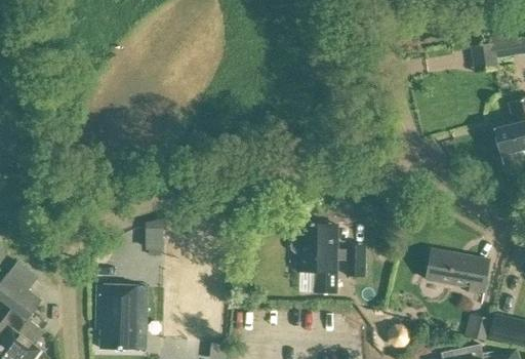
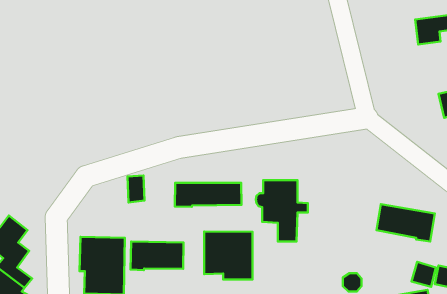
building: none -> [175,183,242,207]
building: none -> [204,232,252,280]
building: none -> [130,241,184,270]

